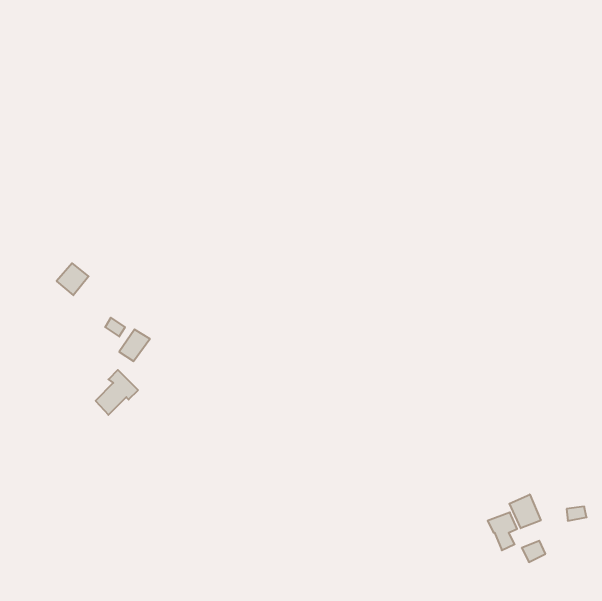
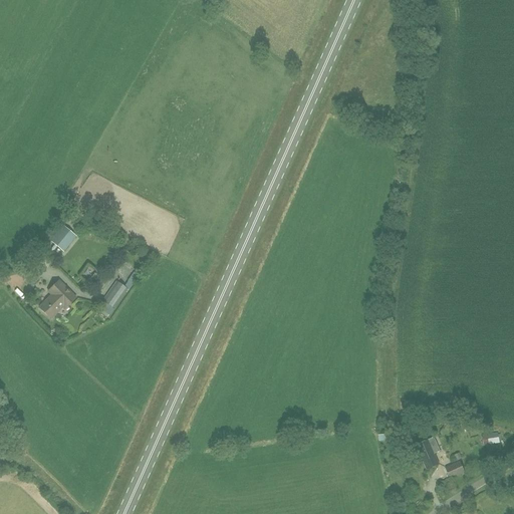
building: [96,370,138,415] -> [41,278,77,316]
building: [509,494,541,528] -> none

